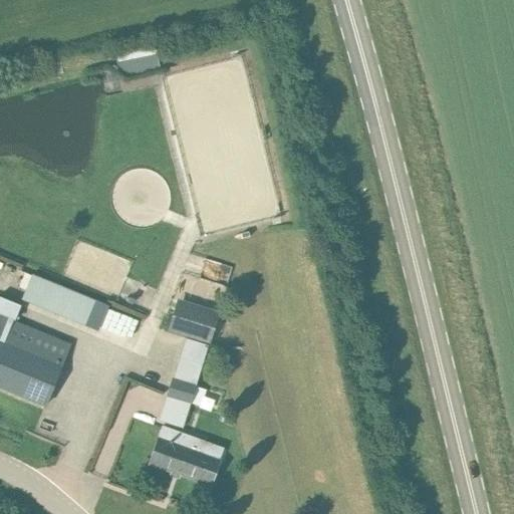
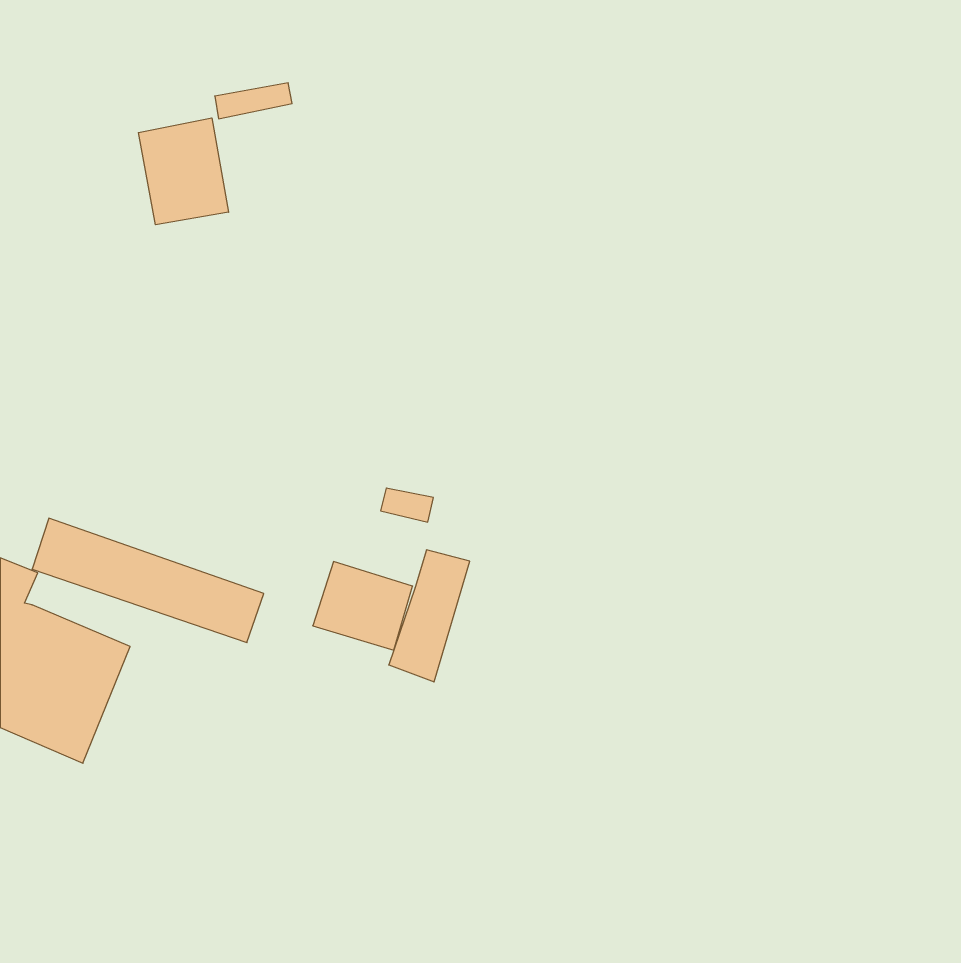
building: none -> [138,118,229,225]
building: [160,356,203,427] -> [389,550,470,682]
building: [149,427,224,487] -> none

